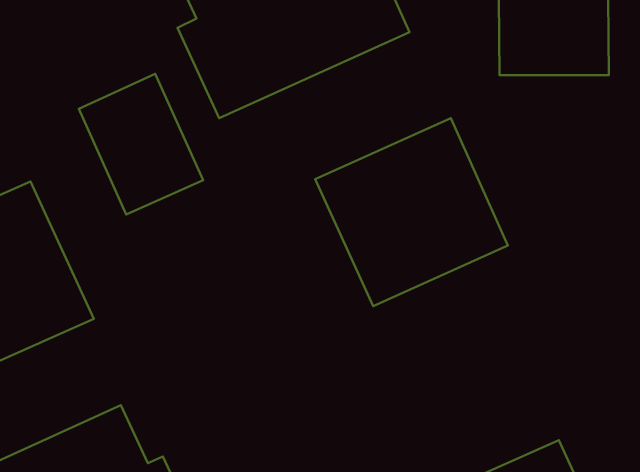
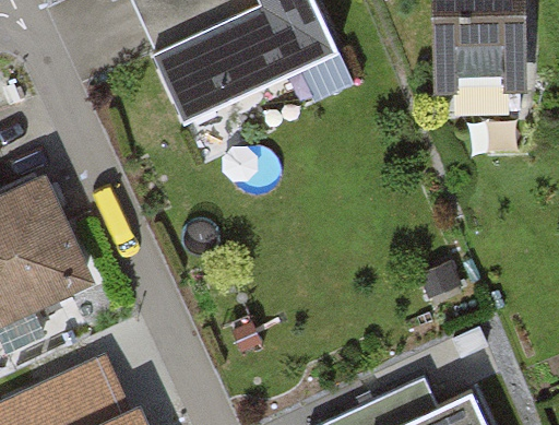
building: [79,74,203,214] -> none
building: [315,118,508,306] -> none

